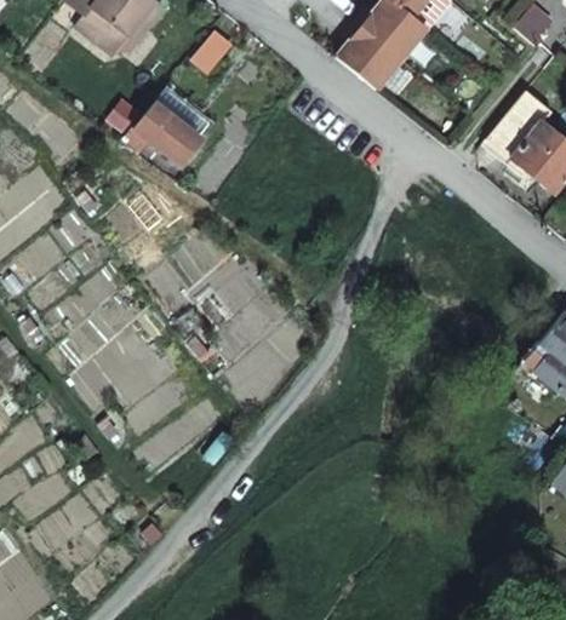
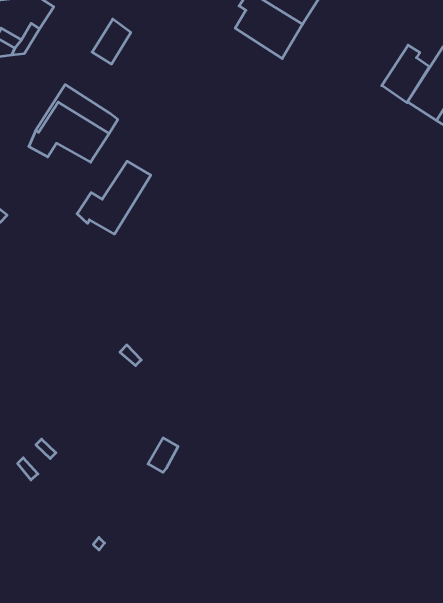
building: none -> [382,45,430,103]
building: none -> [77,161,151,234]

